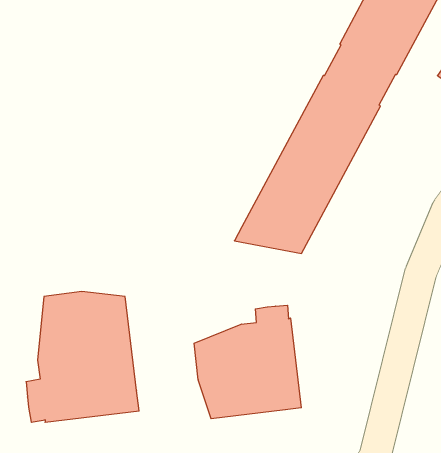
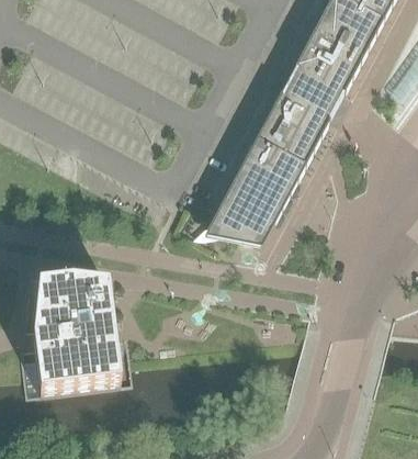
building: [194,305,301,419] -> none

